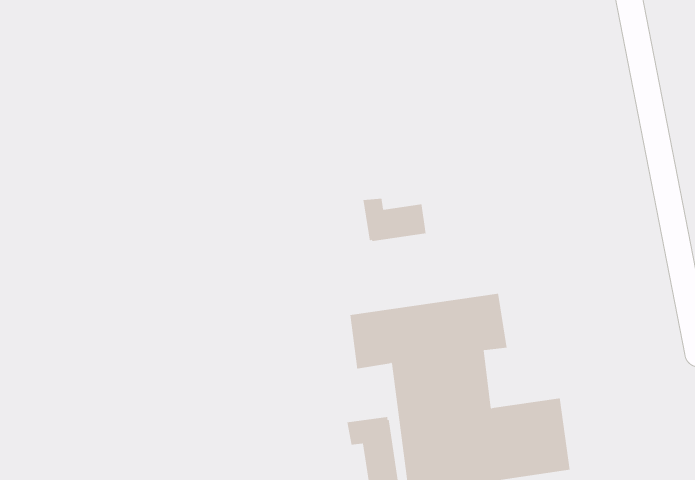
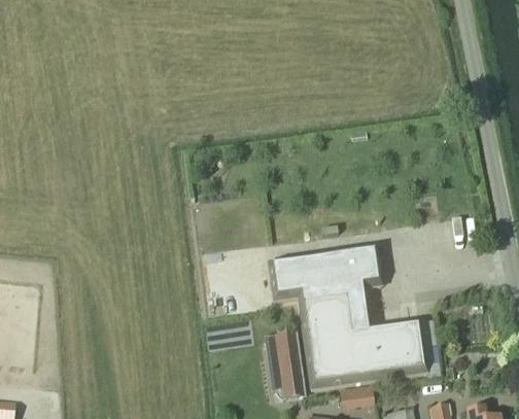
building: [363,198,437,242] -> none

